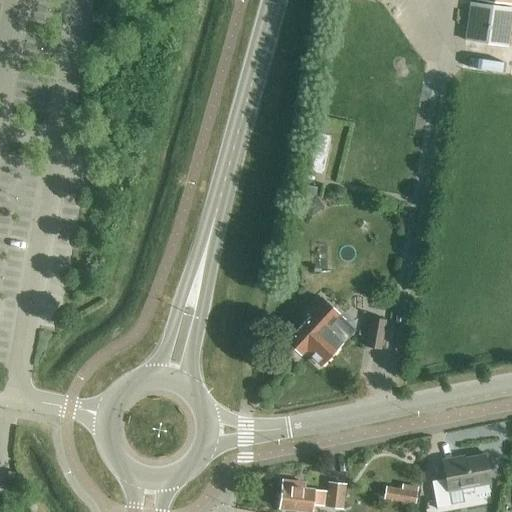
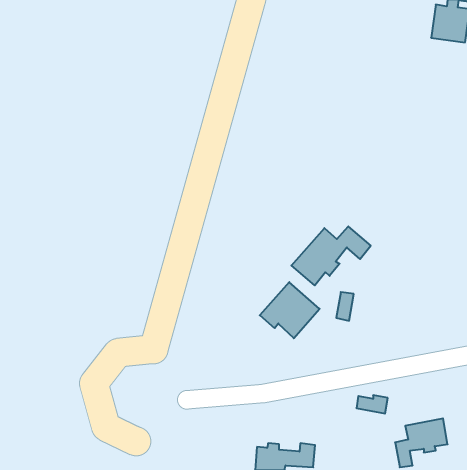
building: none -> [291,226,371,285]
building: [387,482,421,502] -> [356,395,388,414]

